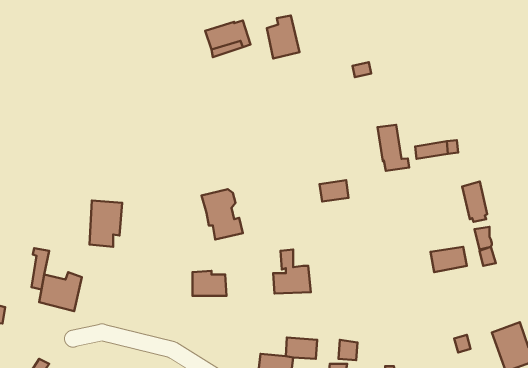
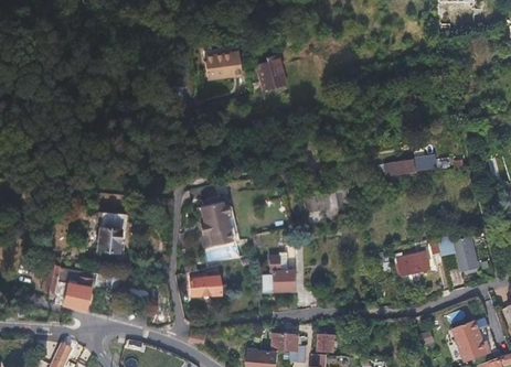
building: [377,125,409,171] -> none
building: [462,182,487,222] -> [456,237,478,272]

